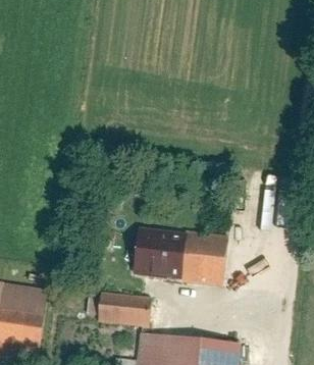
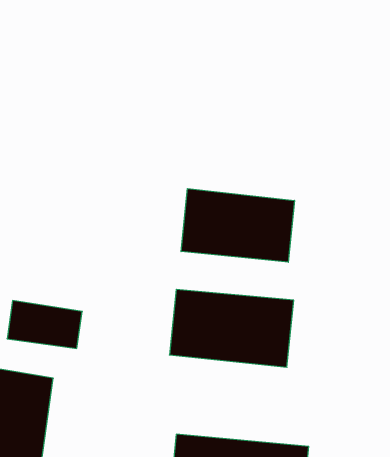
building: none -> [181,189,294,262]
building: [97,291,153,326] -> [7,301,82,348]

